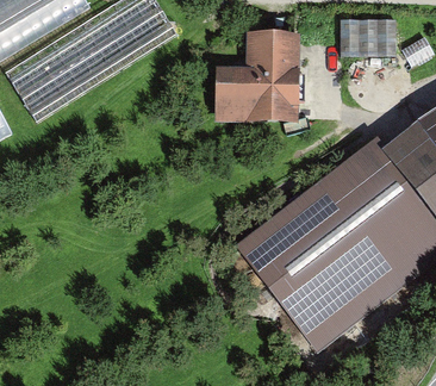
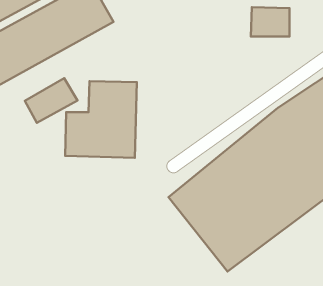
building: [212,29,300,123] -> [65,81,137,158]
building: none -> [25,78,78,123]

